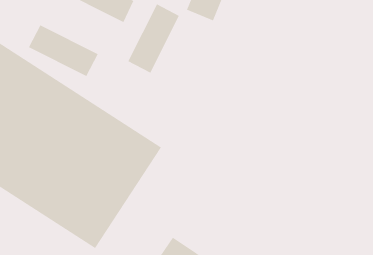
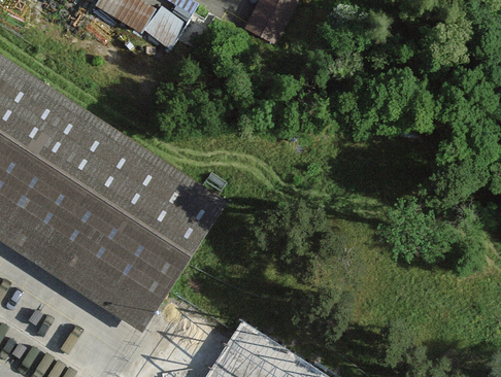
building: [127,4,180,74] -> none
building: [28,25,98,77] -> none

